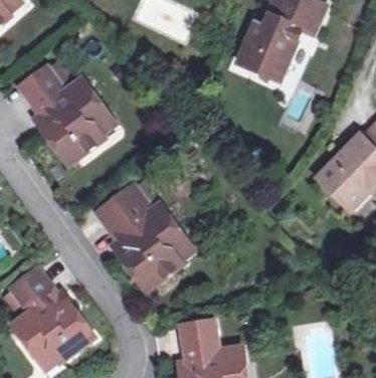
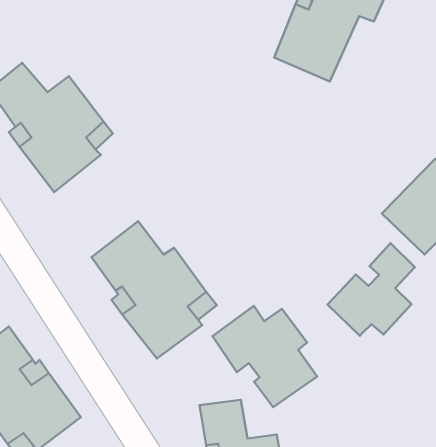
building: none -> [328,243,415,336]
building: none -> [213,306,317,407]

